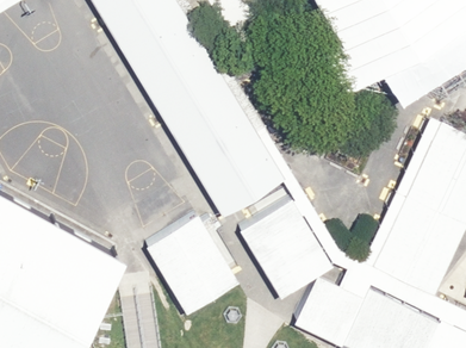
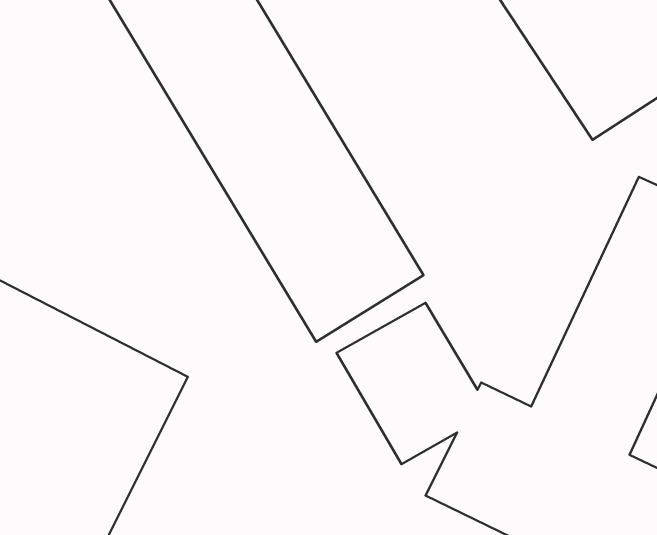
building: [136,217,219,307] -> none

